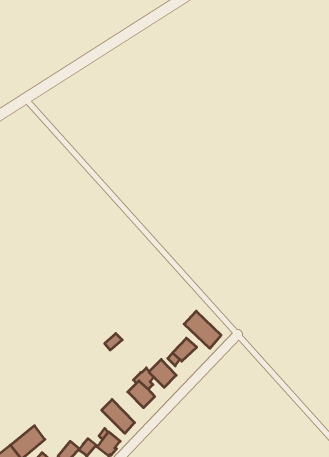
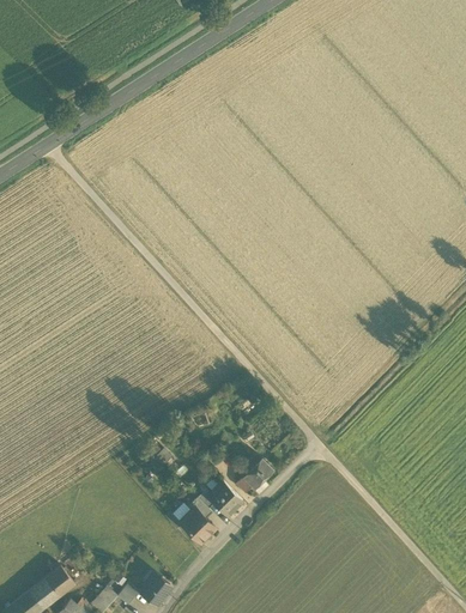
building: [184,311,221,348] -> none
building: [102,399,135,433] -> none

